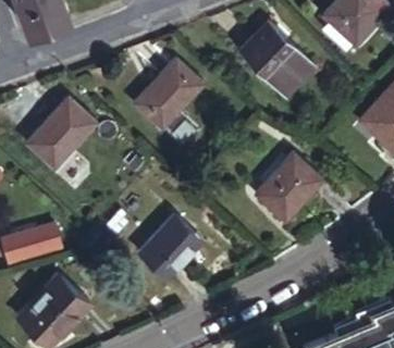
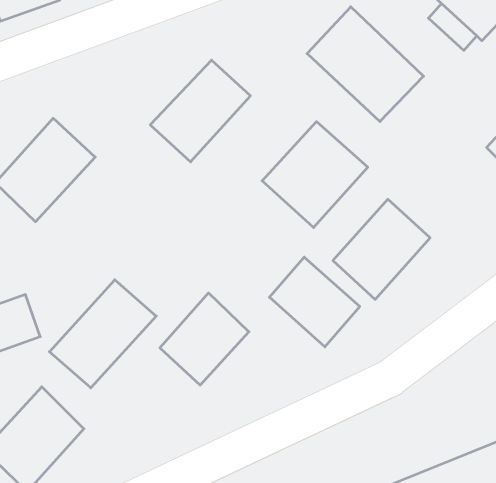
building: none -> [262,122,368,228]
building: none -> [269,257,360,347]
building: none -> [49,280,156,388]

